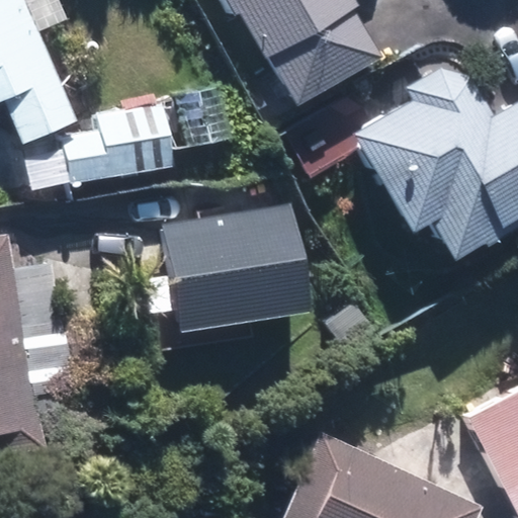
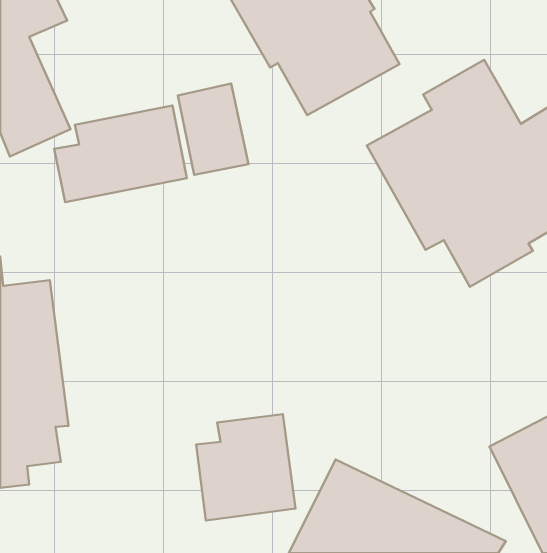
building: [146,204,304,349] -> none
building: none -> [196,414,296,521]

